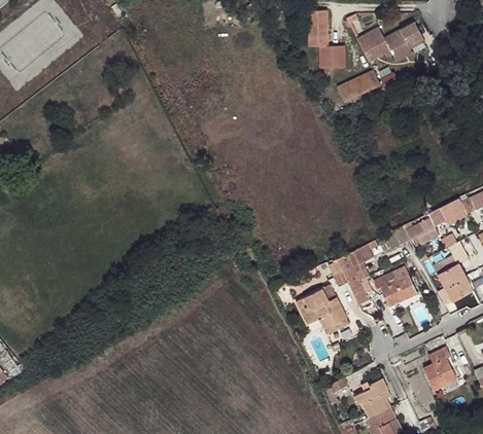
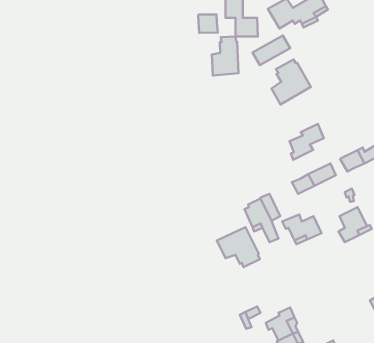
building: none -> [198,14,218,33]
building: none -> [212,36,239,75]
building: none -> [272,59,311,104]
building: none -> [290,124,324,160]
building: [425,348,457,390] -> none

